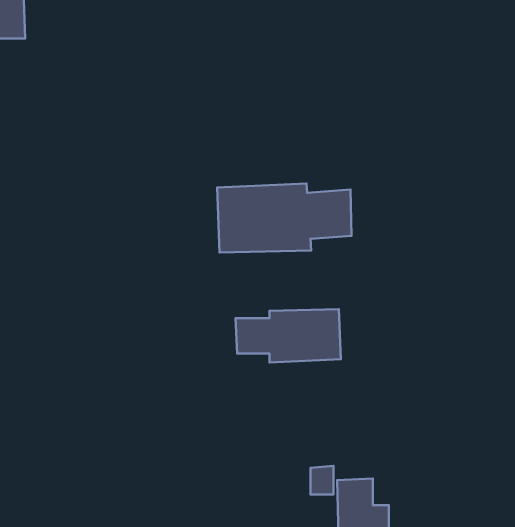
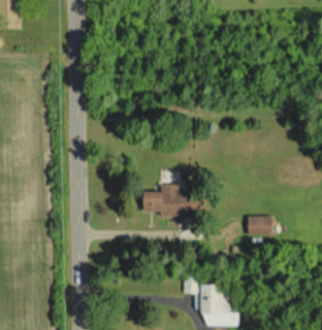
building: [217,184,352,252] -> none
building: none -> [248,216,272,235]

